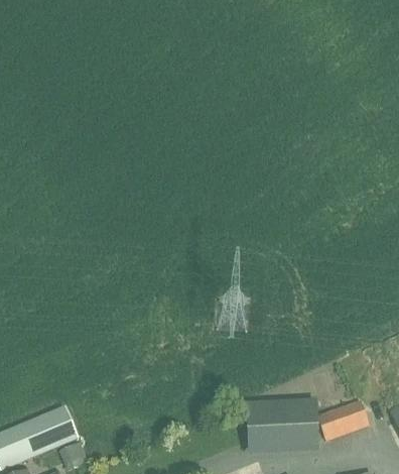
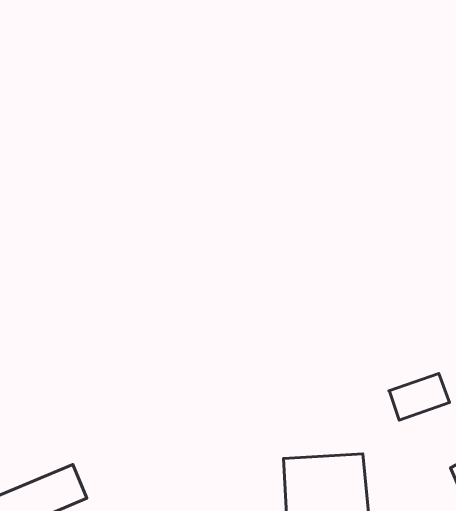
building: [317,399,370,440] -> [389,373,449,420]

